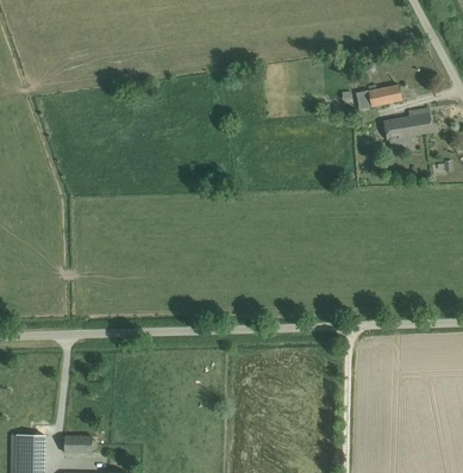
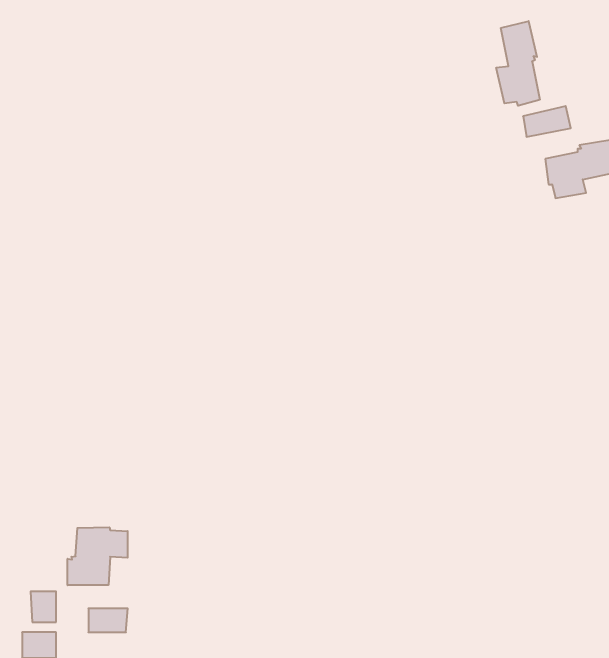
building: none -> [496,21,540,106]
building: none -> [68,527,128,585]

